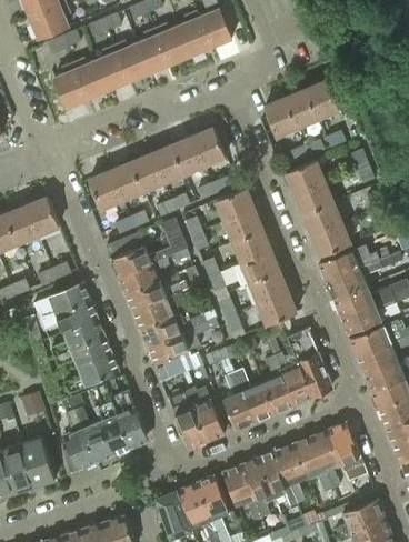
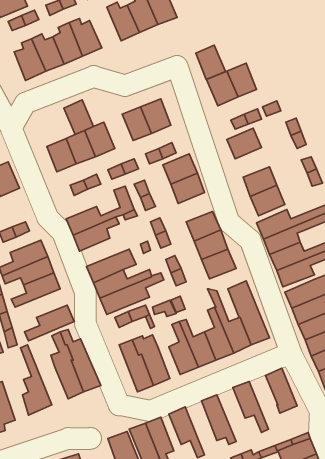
building: [137,28,171,72] -> none
building: [308,80,340,118] -> [196,45,225,80]
building: [152,144,184,182] -> [64,100,93,134]
building: [296,181,333,213] -> none
building: [233,230,271,262] -> none
building: [126,280,187,311] -> none
building: [56,335,112,367] -> none
building: [69,392,113,462] -> none
building: [311,430,342,489] -> none
building: [276,443,307,502] -> none
building: [241,458,276,516] -> none

